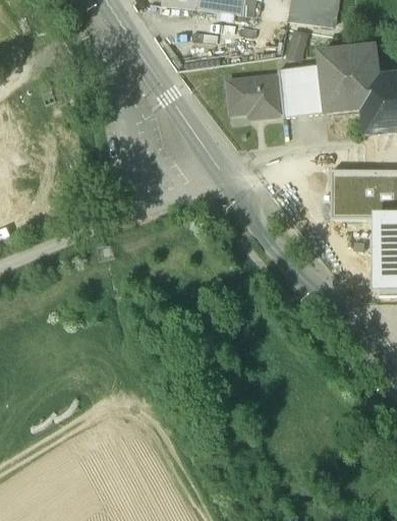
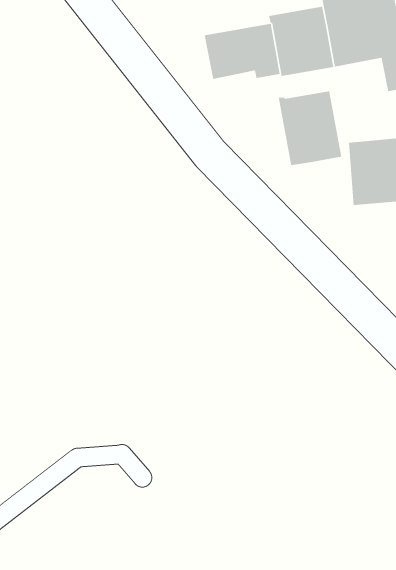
building: none -> [278,90,342,166]

